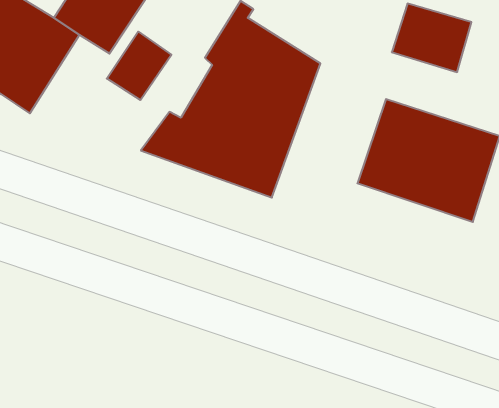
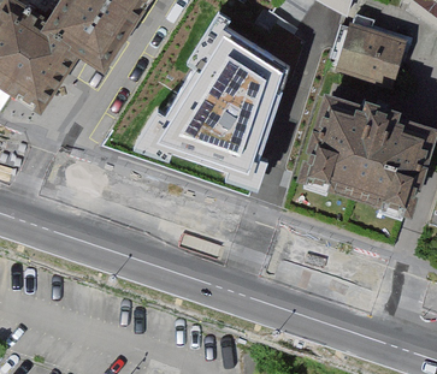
building: [107,32,171,100] -> none

